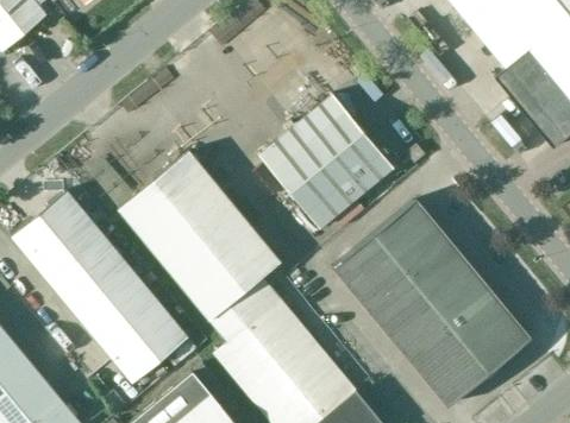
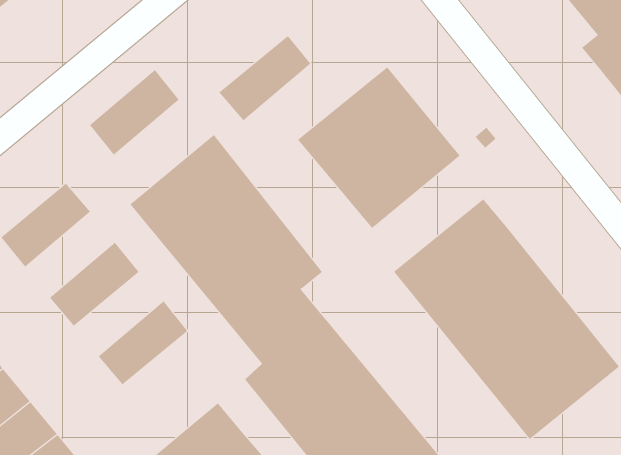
building: none -> [219,35,311,121]
building: [32,215,107,286] -> [89,69,179,155]
building: [73,265,148,335] -> none
building: [113,314,189,384] -> none

